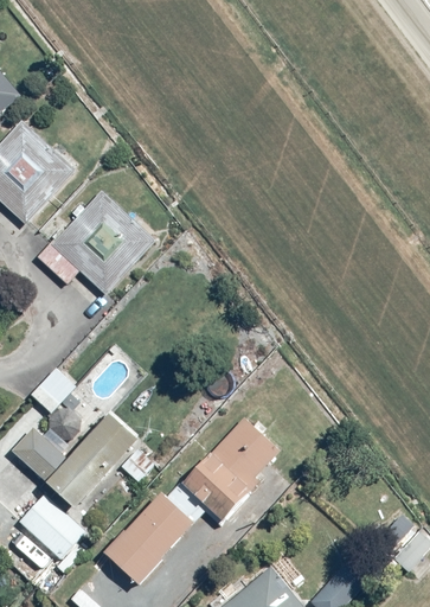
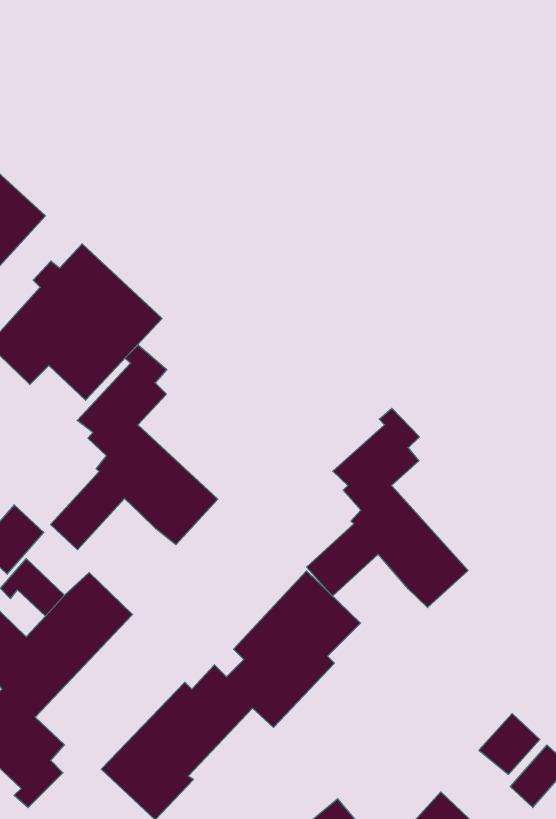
building: none -> [51,345,218,550]
building: none -> [307,408,468,608]

